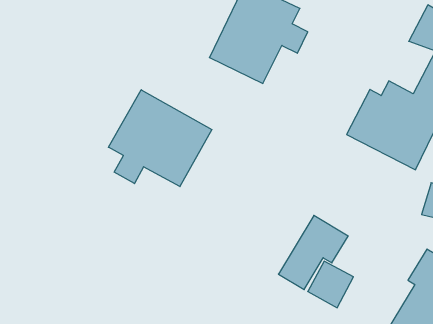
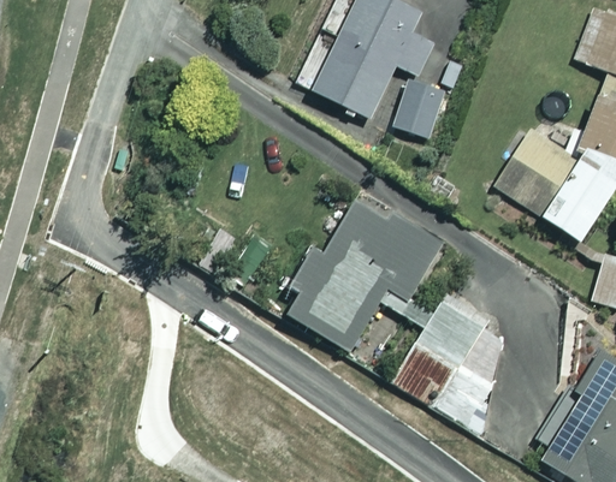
building: none -> [393,81,449,141]
building: [108,90,212,187] -> none
building: none -> [285,197,449,352]

